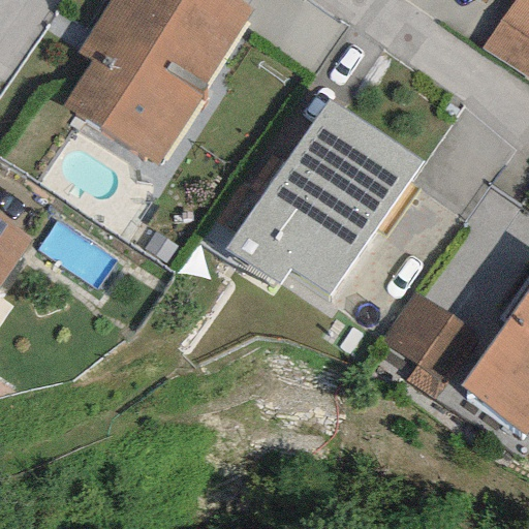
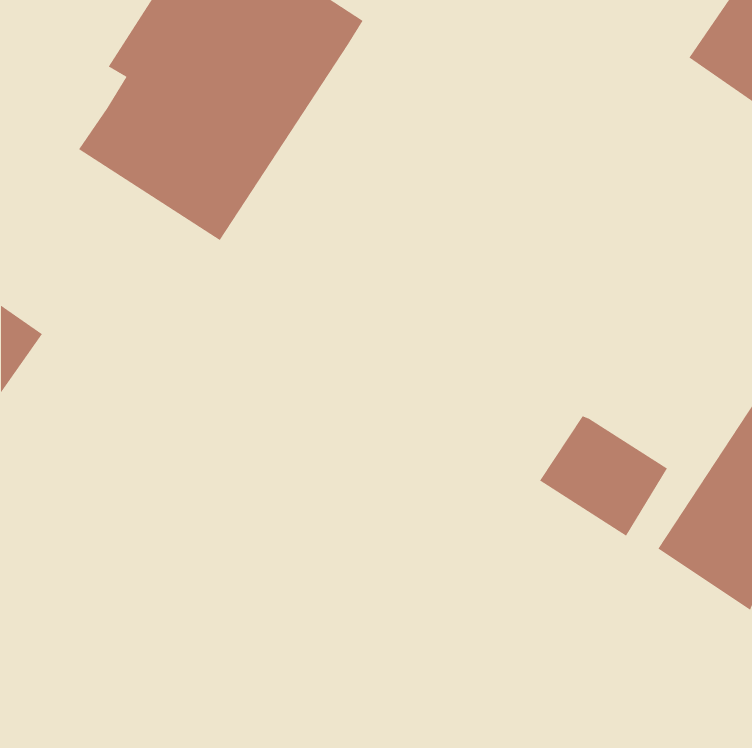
building: [235,105,418,300] -> none

